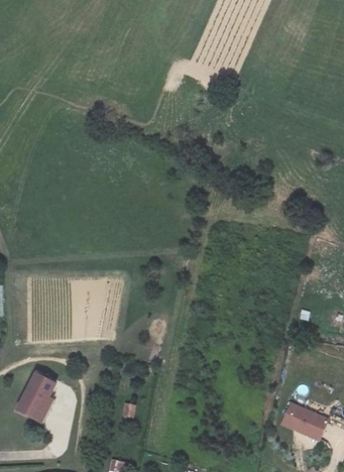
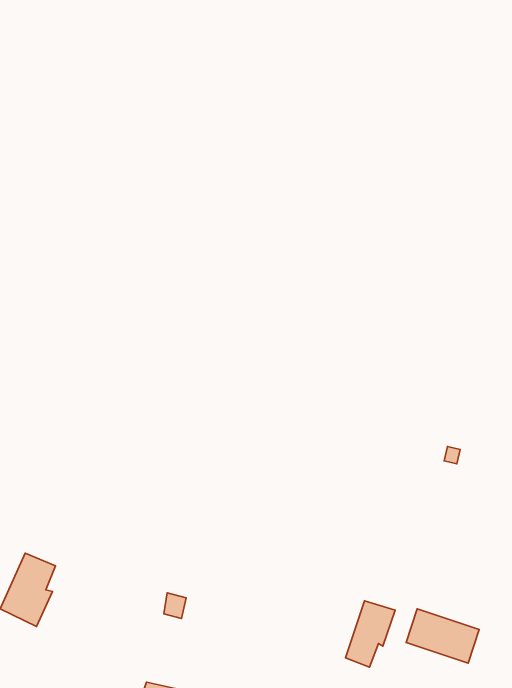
building: none -> [346,601,395,667]

